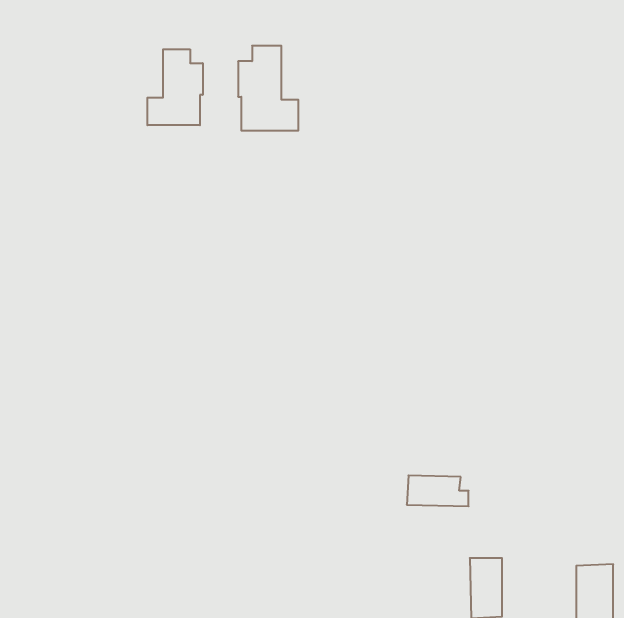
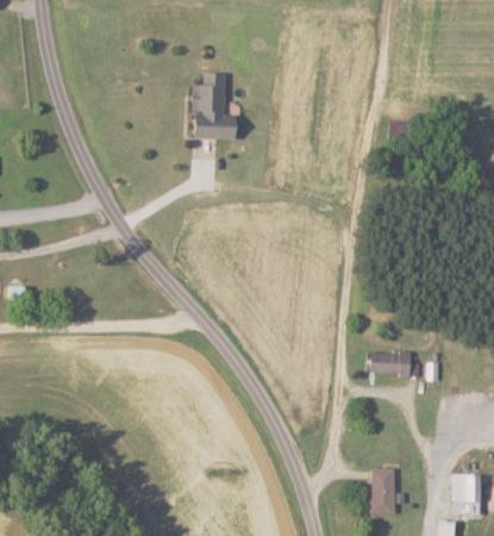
building: [147,49,203,125] -> none
building: [407,475,469,506] -> [370,351,418,375]

